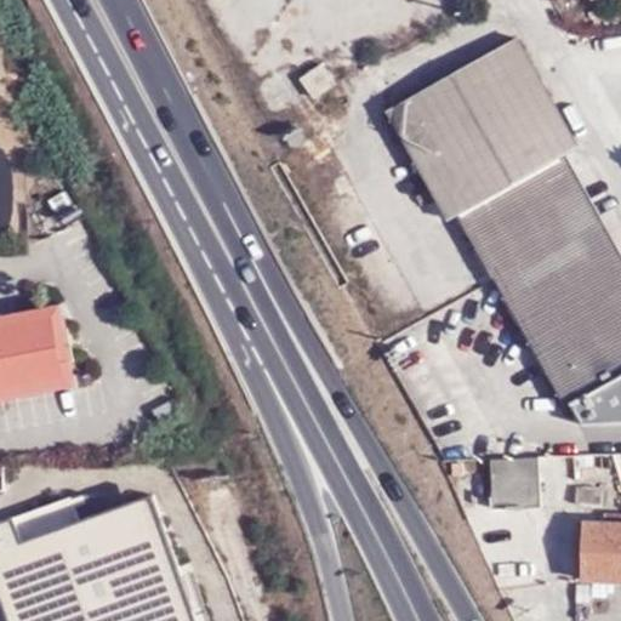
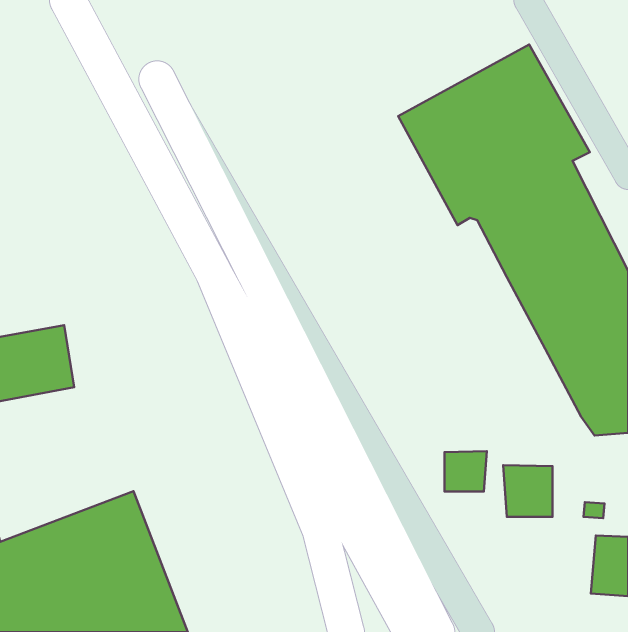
building: none -> [444,451,487,492]

